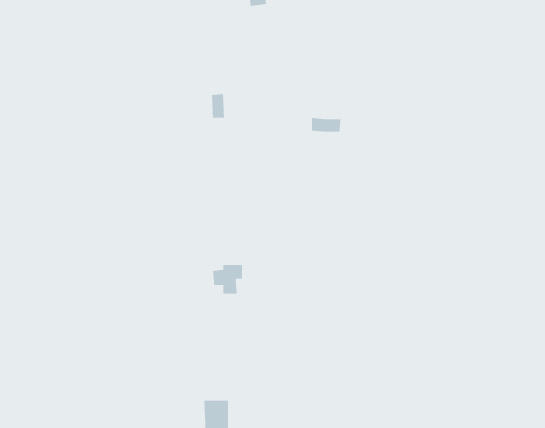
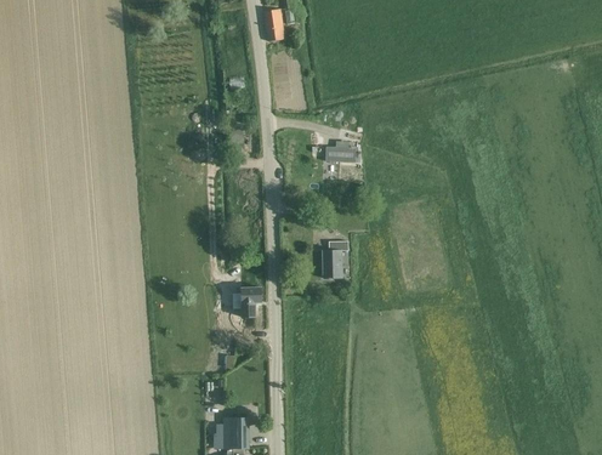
building: none -> [323,241,348,278]

